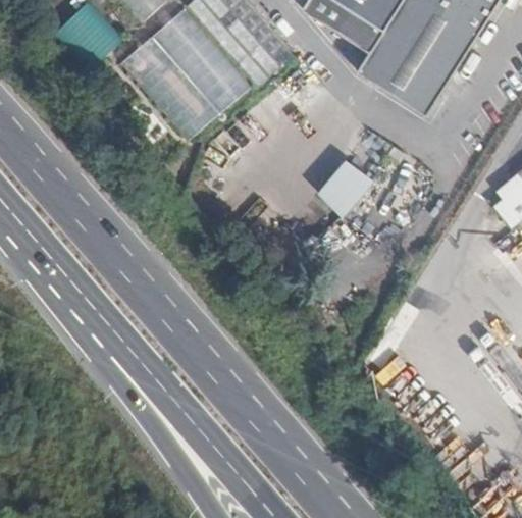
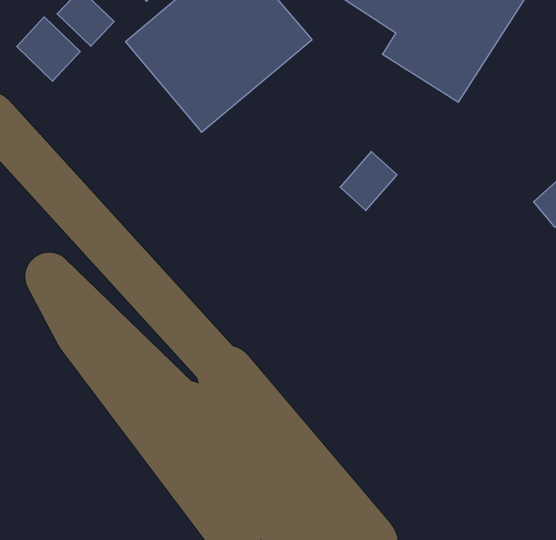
building: none -> [17,17,80,81]

